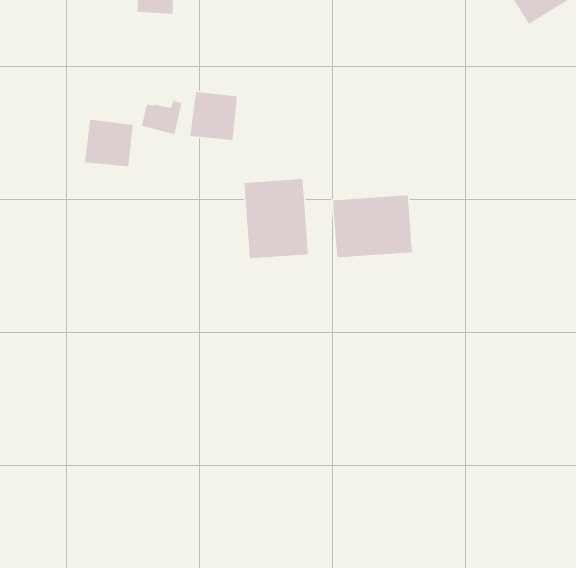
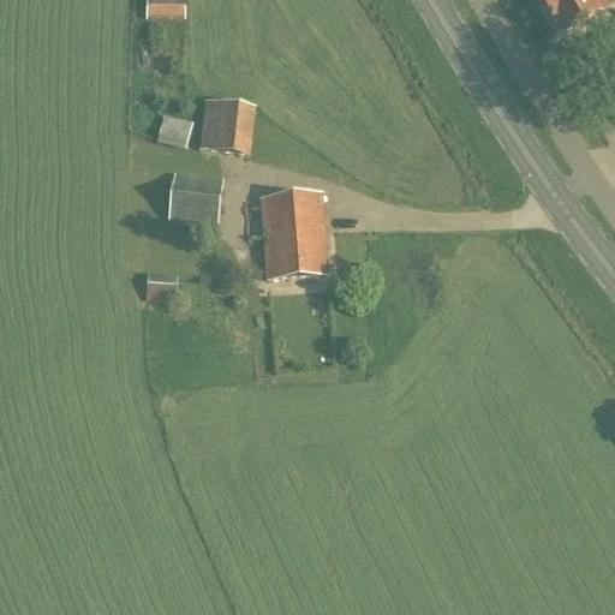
building: [84,119,134,167] -> [169,169,222,221]
building: [332,194,413,258] -> none
building: none -> [147,269,177,299]

